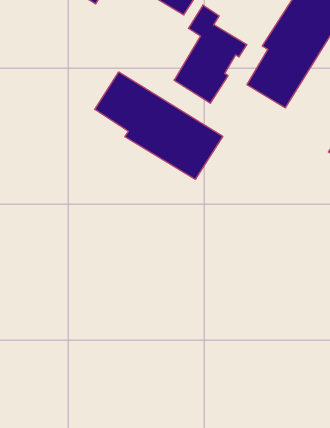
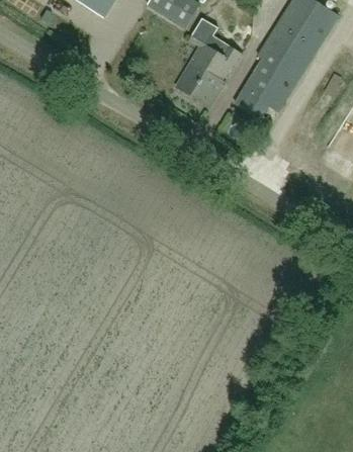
building: [95,72,223,179] -> none

